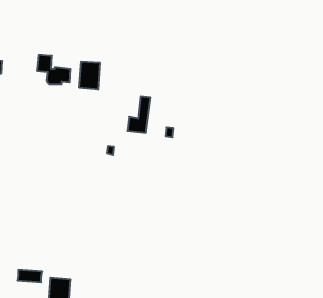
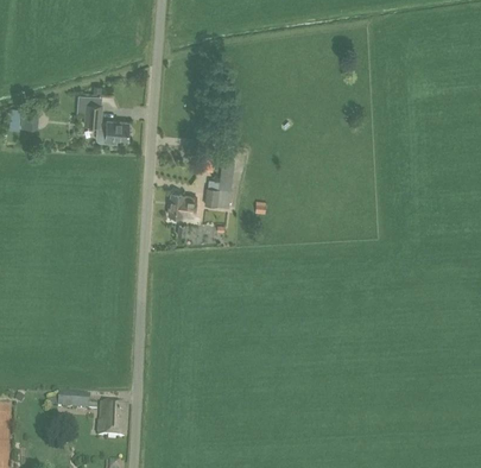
building: [79,62,100,90] -> none
building: none -> [167,192,195,217]

